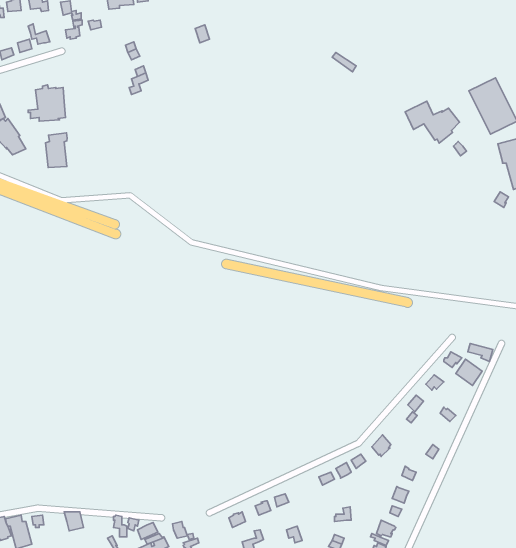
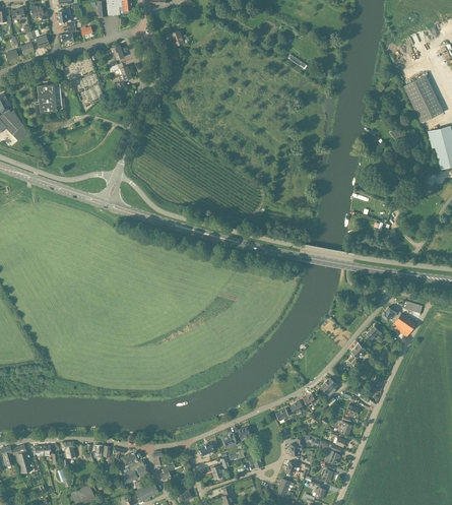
building: [405,101,460,143] -> none
building: [46,133,67,168] -> none

